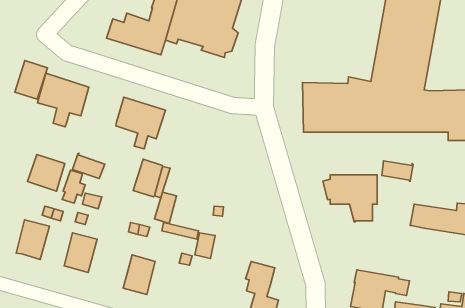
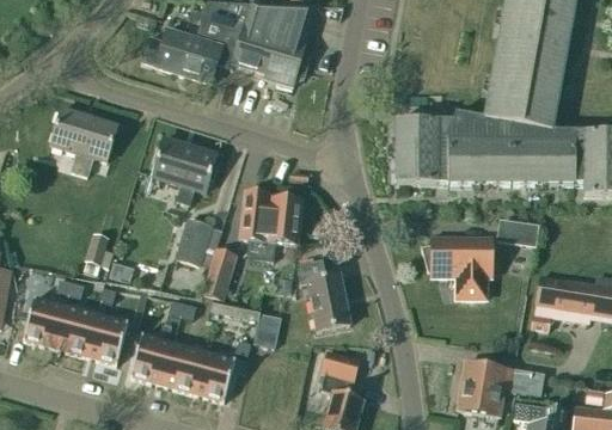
building: [15,61,48,99] -> none
building: none -> [241,190,302,260]
building: [72,153,105,179] -> none
building: [27,154,65,191] -> none
building: none -> [296,258,350,330]
building: none -> [55,305,97,356]
building: none -> [131,333,175,385]
building: none -> [194,350,235,401]

